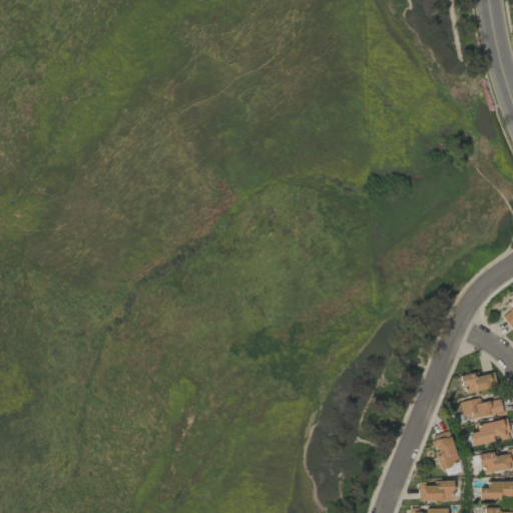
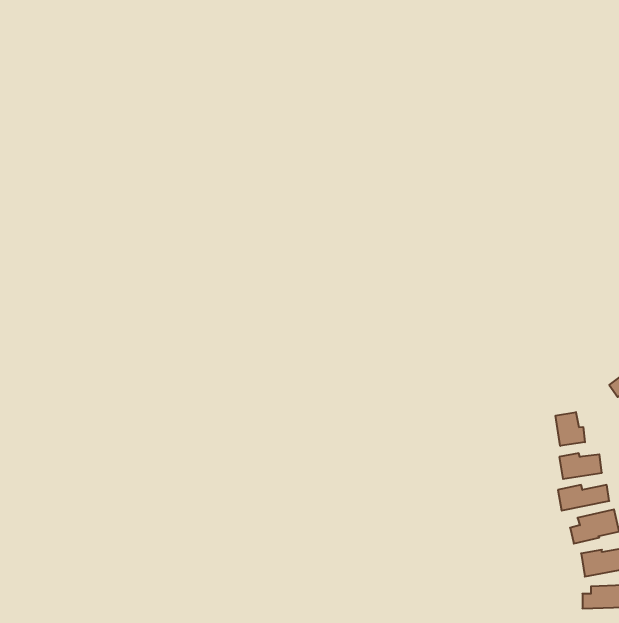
building: none -> [556,412,585,446]
building: [436,432,460,470] -> none
building: [420,481,455,502] -> none

